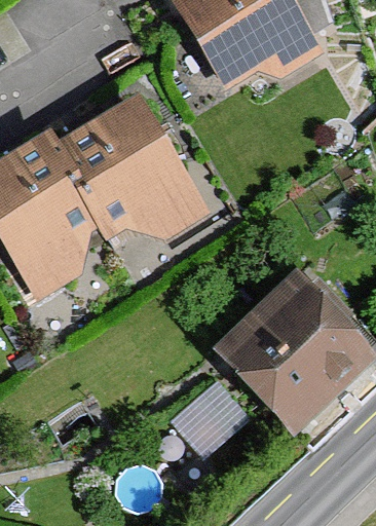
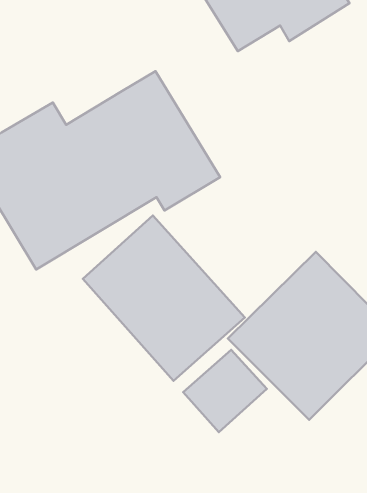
building: none -> [83,215,245,381]

